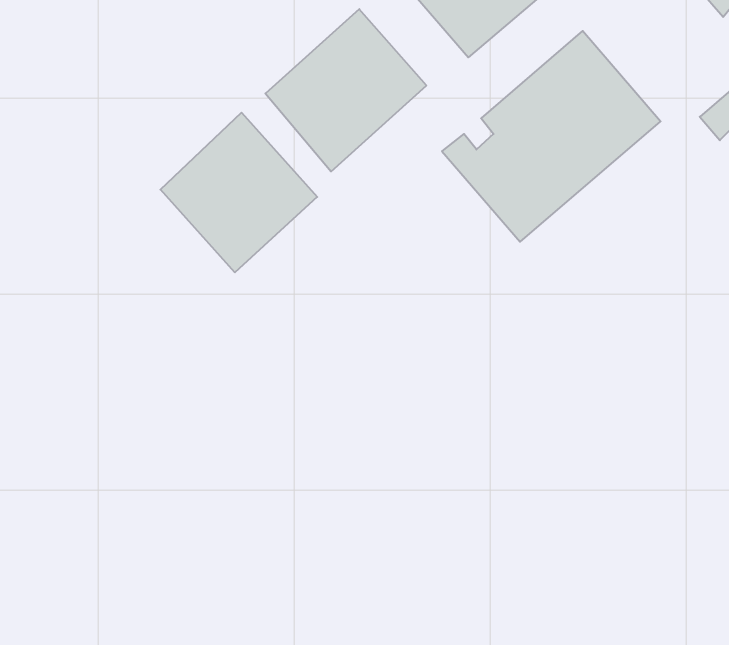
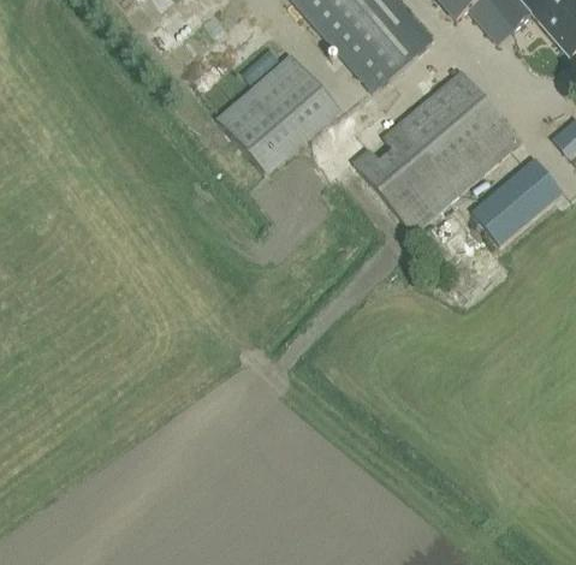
building: [160,113,317,272] -> none
building: none -> [471,157,562,243]

